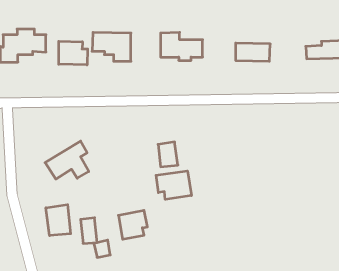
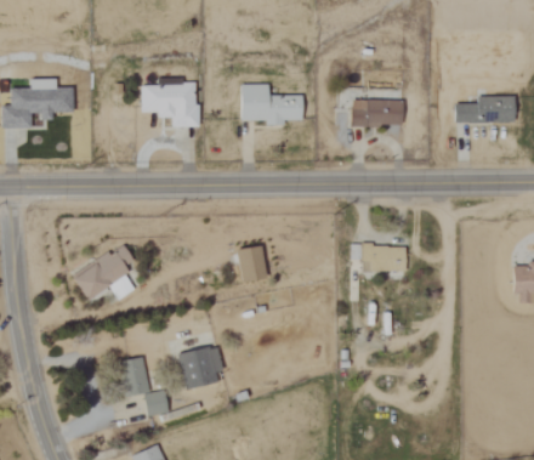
building: [59,41,88,65] -> none
building: none -> [364,245,407,272]
building: [156,171,191,199] -> none
building: [46,205,71,236] -> none

